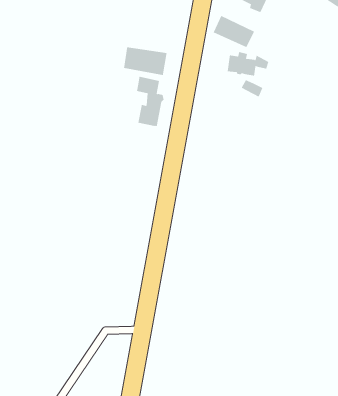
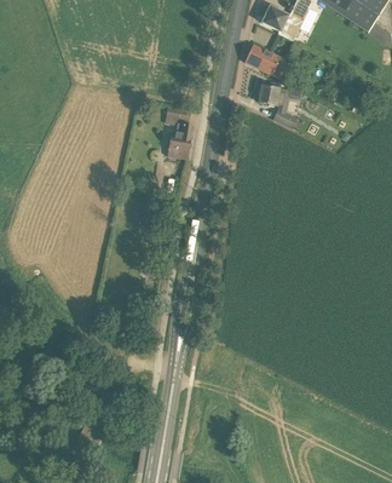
building: [124,46,167,76] -> none

